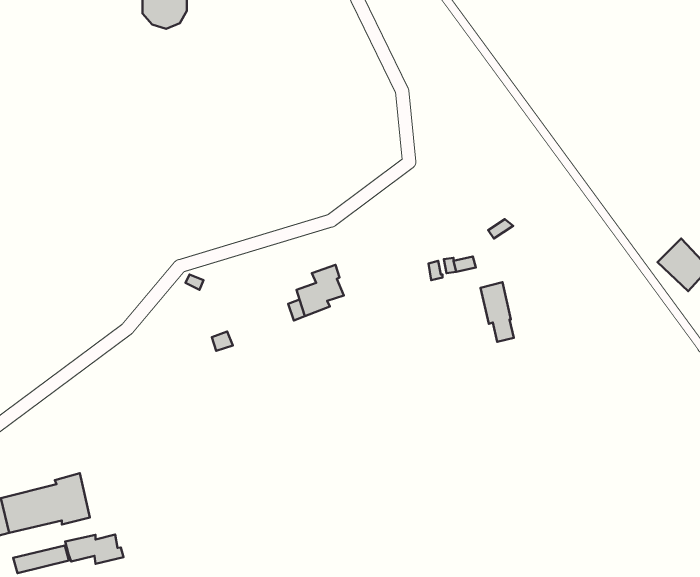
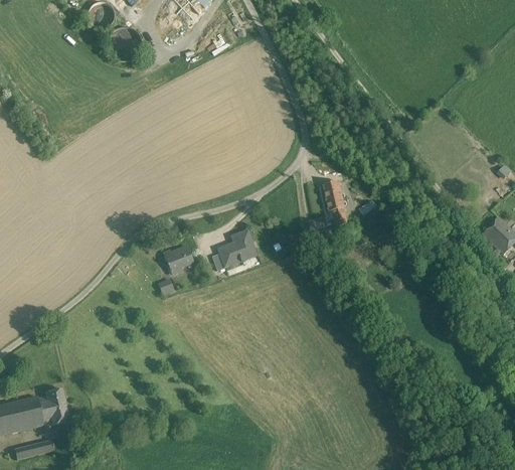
building: [480,282,514,342] -> [323,181,347,224]
building: none -> [164,247,193,275]
building: [65,534,124,564] -> none

